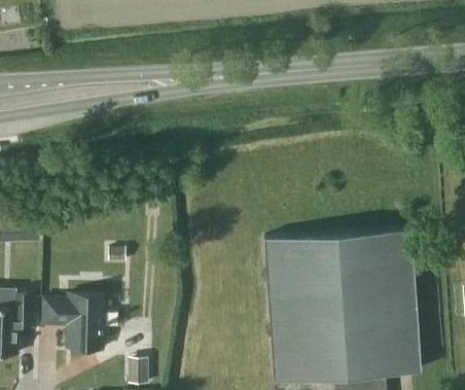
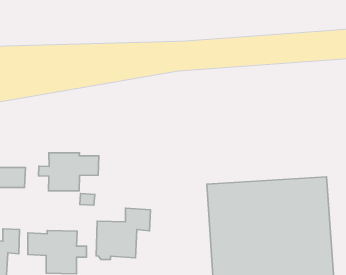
building: none -> [39,153,99,191]
building: none -> [96,208,150,259]

